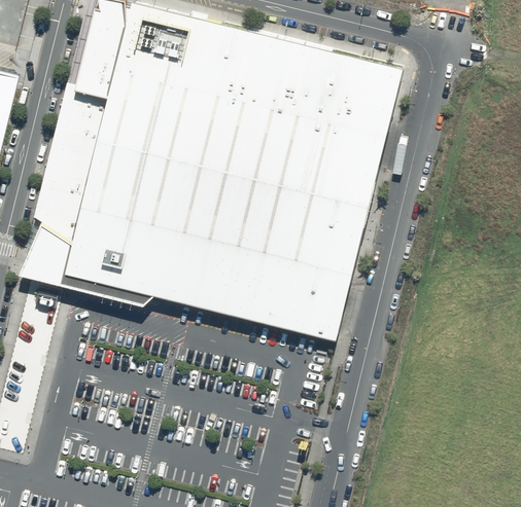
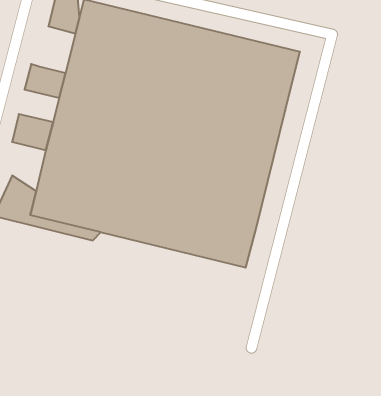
building: [75,37,121,96] -> none
building: [50,116,101,157] -> none
building: [34,182,84,244] -> none

